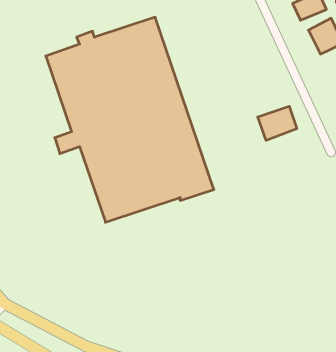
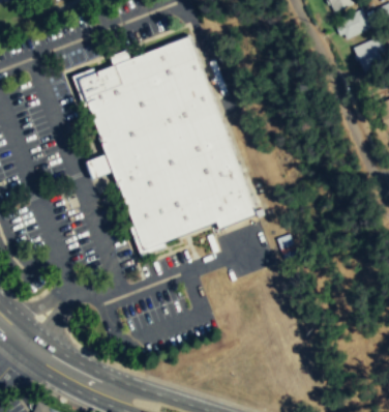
building: [258,106,297,140] -> none

